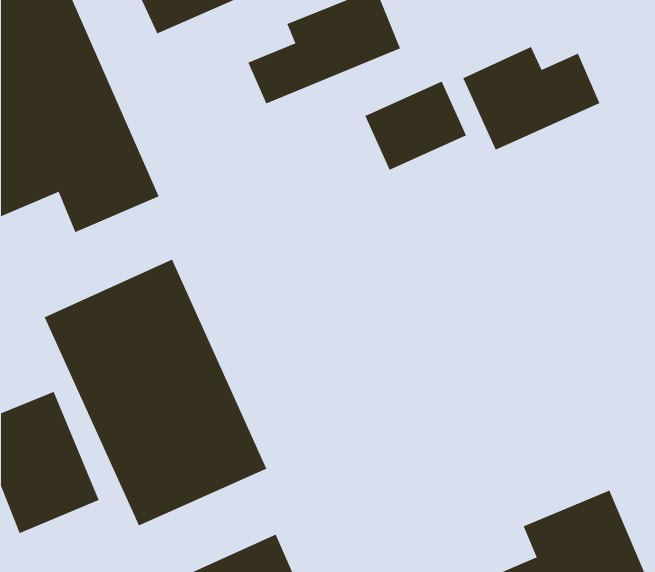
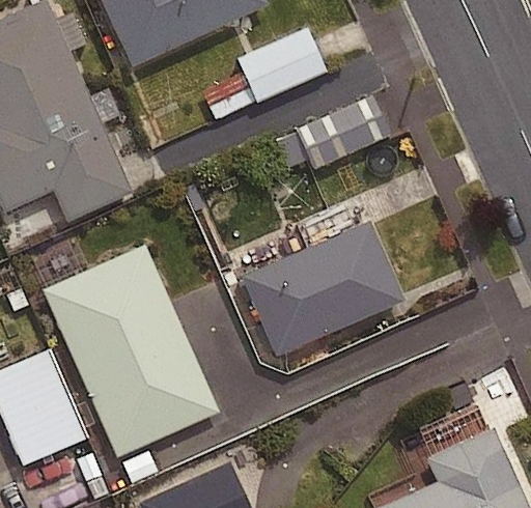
building: [462,46,600,150] -> none
building: none -> [239,219,403,357]

